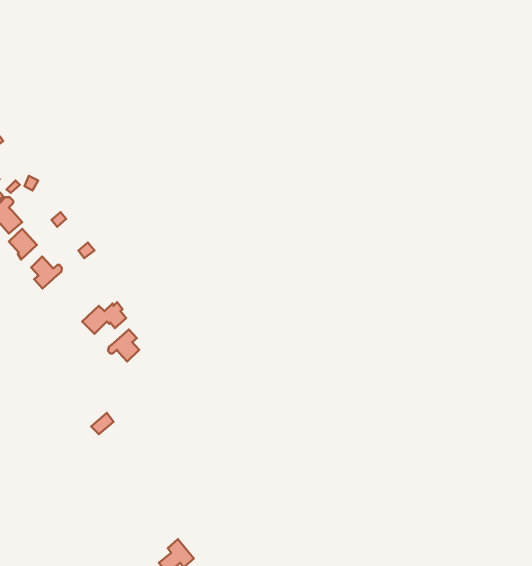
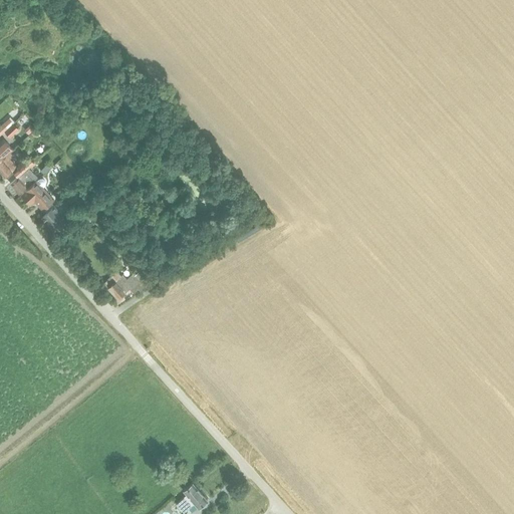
building: [31,256,62,288] -> none
building: [108,330,139,361] -> none

